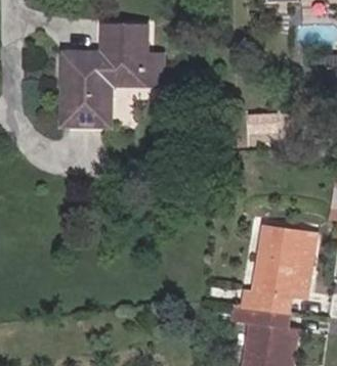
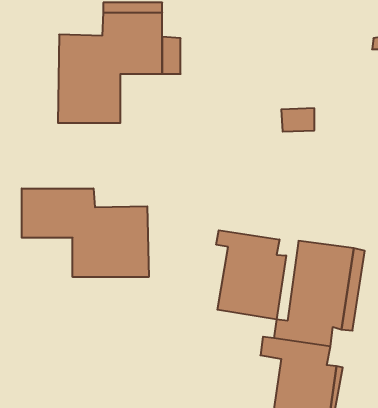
building: none -> [22,188,149,277]
building: none -> [216,230,286,320]

